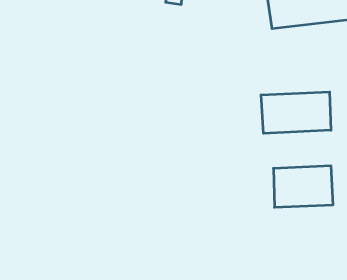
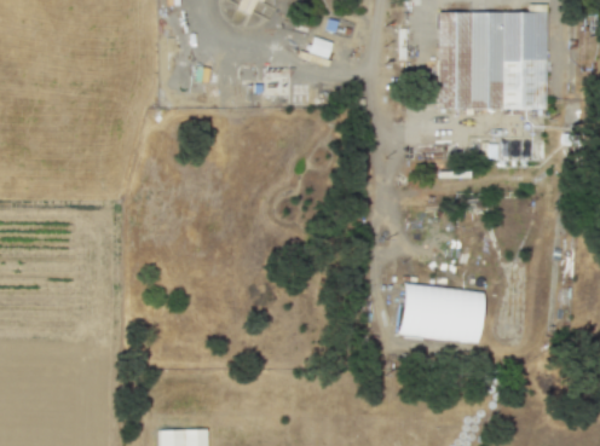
building: [261,92,331,133] -> none

